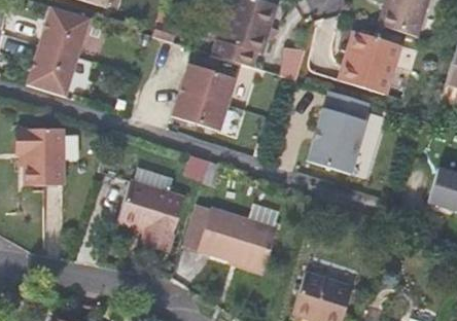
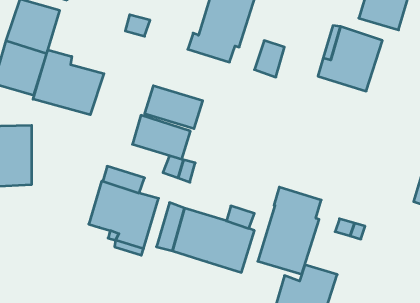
building: none -> [33,50,104,115]
building: [180,63,236,105] -> [132,115,190,159]
building: [310,92,371,175] -> [258,187,321,274]

